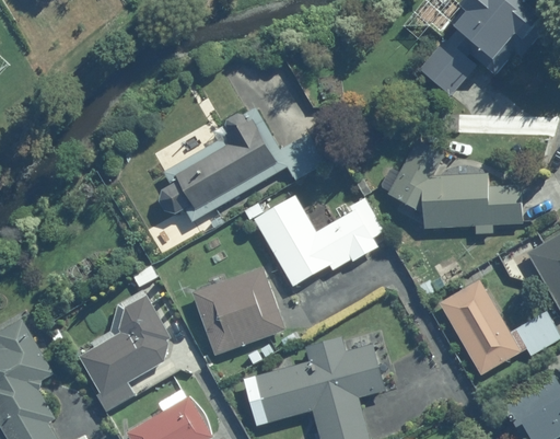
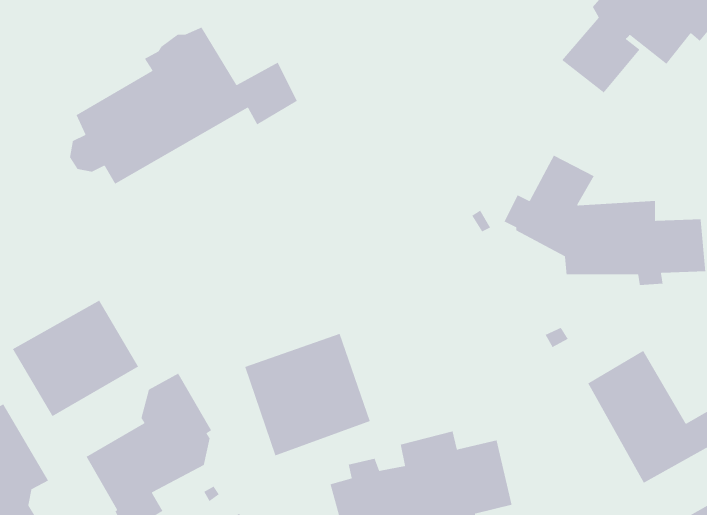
building: [159,108,323,222] -> [69,26,298,185]
building: [254,196,378,287] -> none
building: none -> [12,299,139,417]

